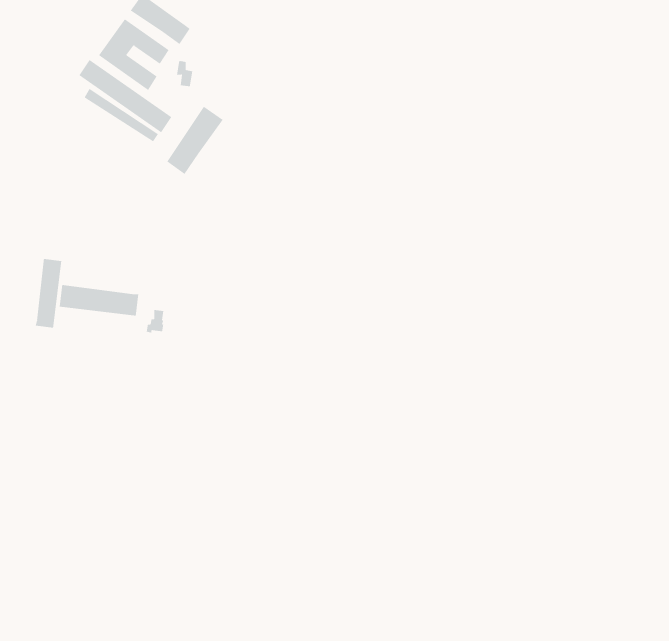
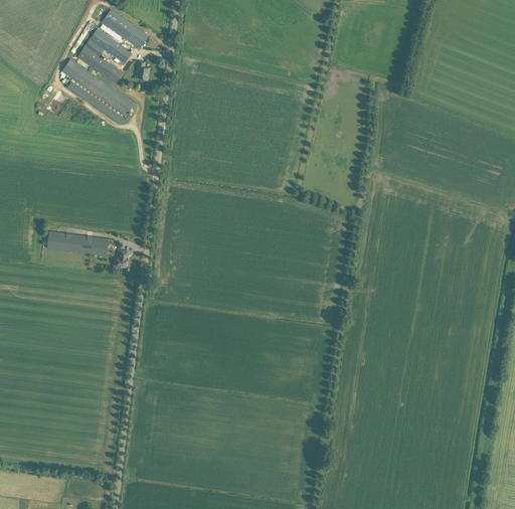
building: [167,106,224,175] -> none
building: [35,258,62,329] -> none

